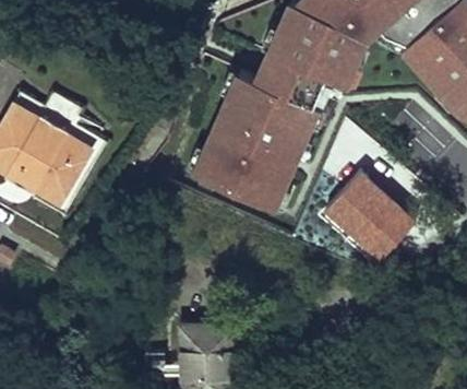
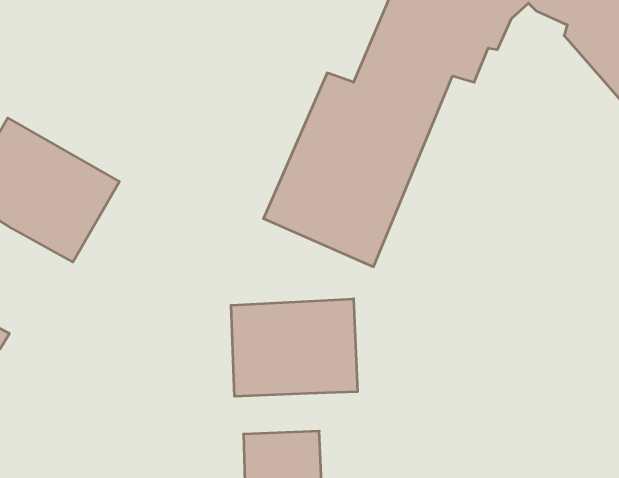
building: [315,166,417,266] -> none
building: none -> [231,299,357,396]

